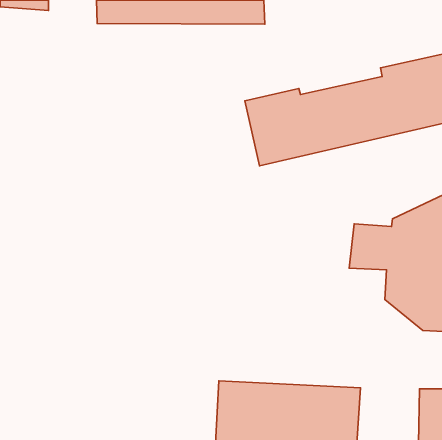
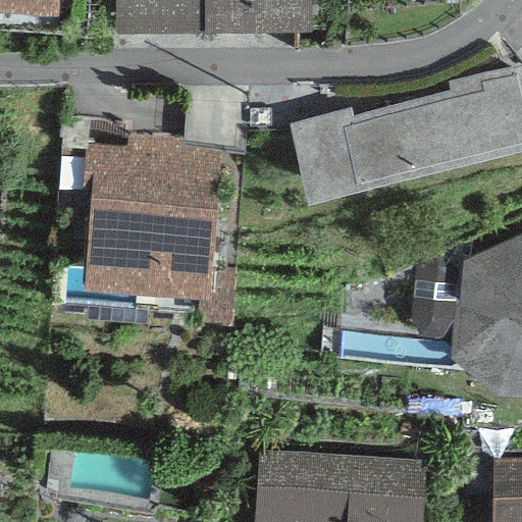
building: none -> [83,140,221,294]

